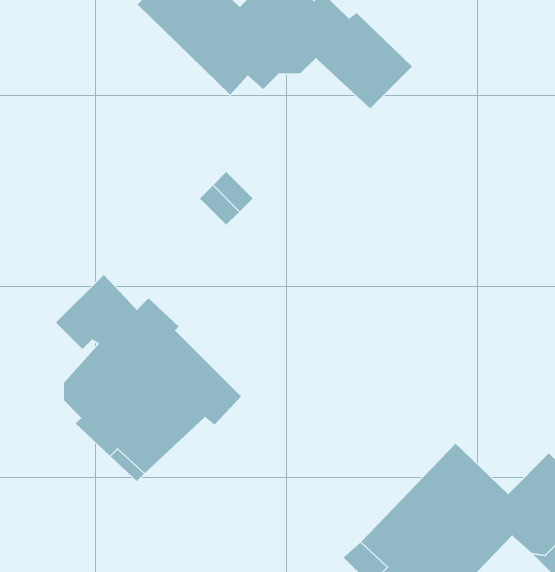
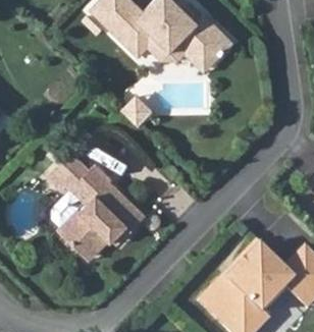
building: none -> [139,37,212,71]

